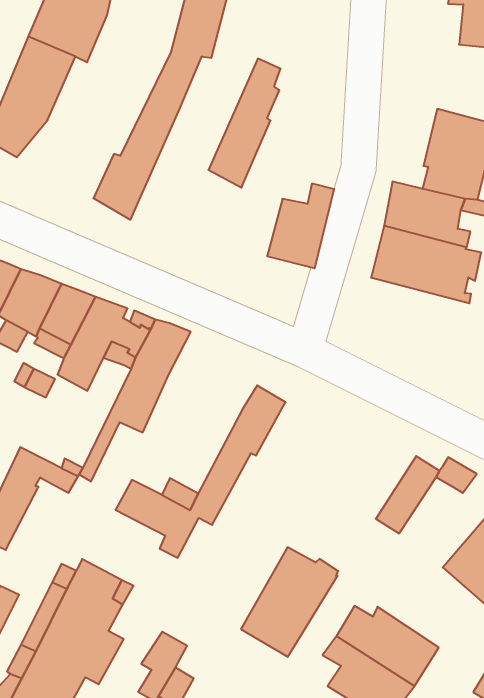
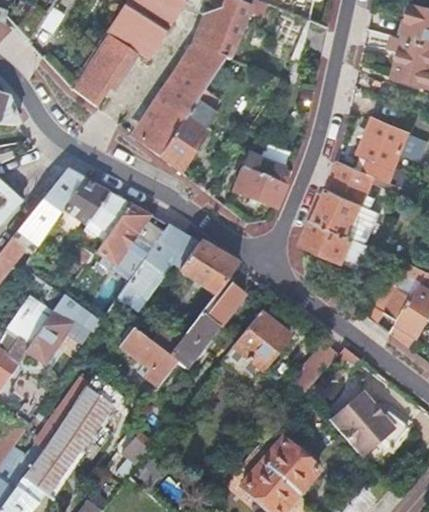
building: [208,59,281,188] -> [160,90,218,173]
building: none -> [302,221,376,274]
building: none -> [169,238,236,294]
building: [241,547,338,657] -> [220,312,290,384]

